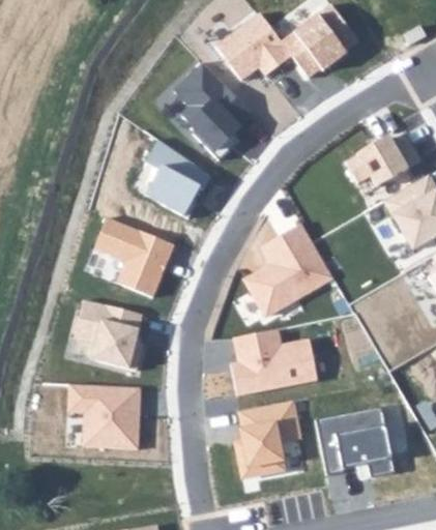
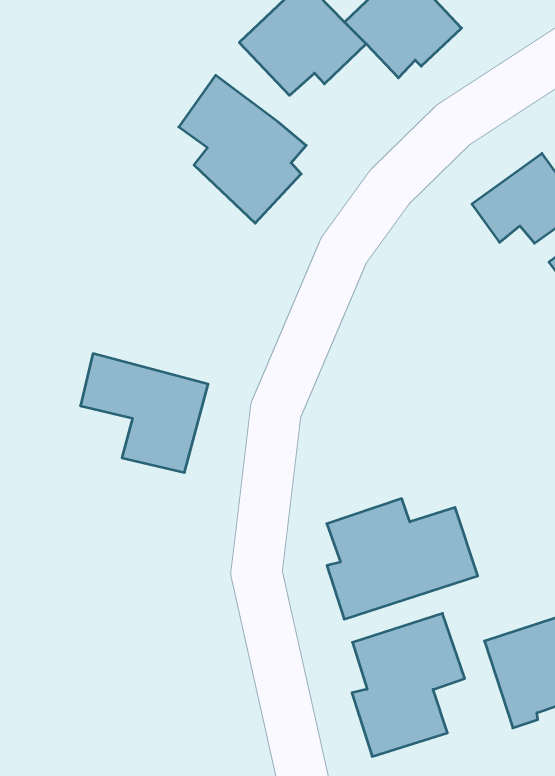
building: [145,140,210,216] -> none
building: [244,223,333,317] -> none
building: [79,300,145,372] -> none
building: [69,384,141,448] -> none

